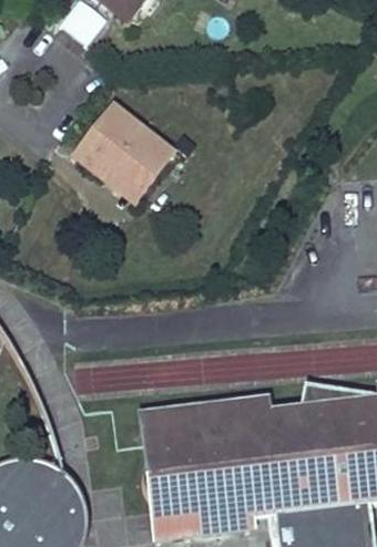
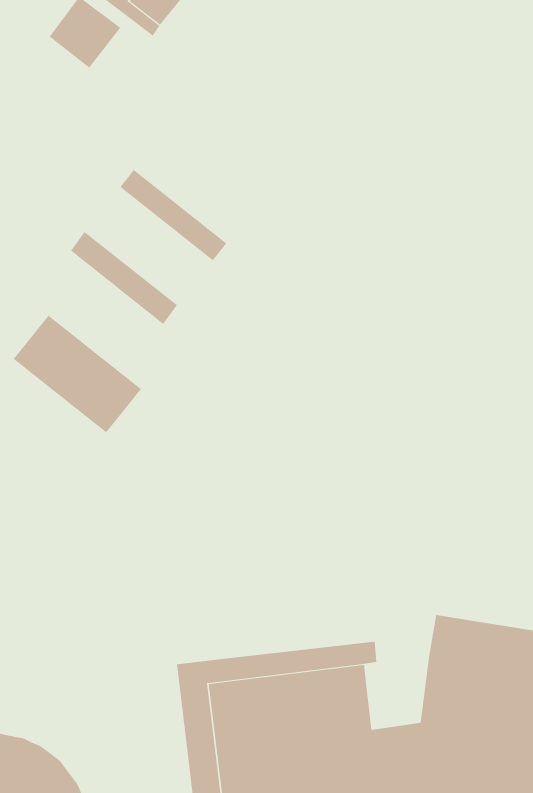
building: [83,117,164,192] -> [13,315,142,433]
building: [259,411,299,457] -> none

